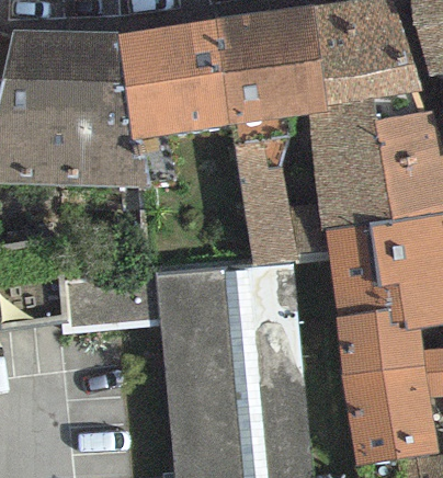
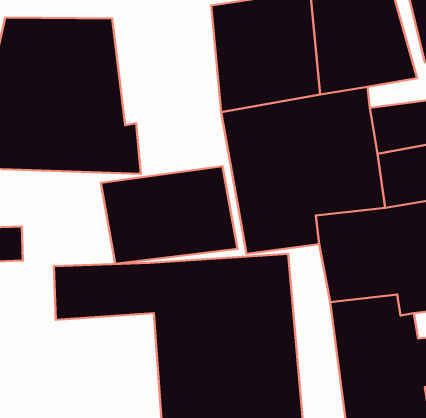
building: [118,19,227,138] -> none
building: none -> [101,166,237,264]

